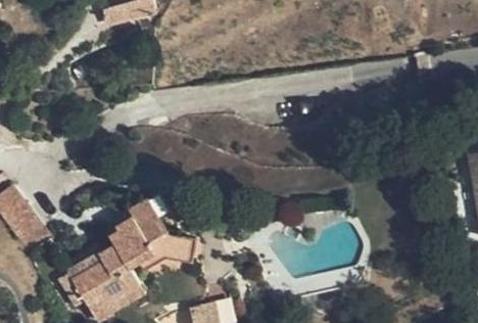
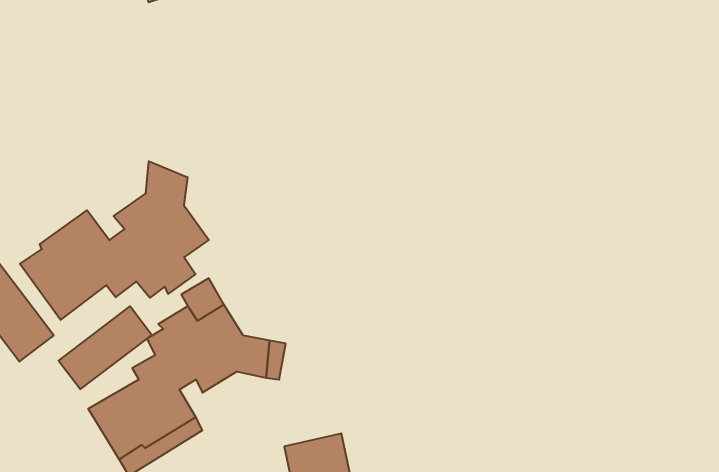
building: none -> [20,161,209,320]
building: none -> [59,306,152,389]

